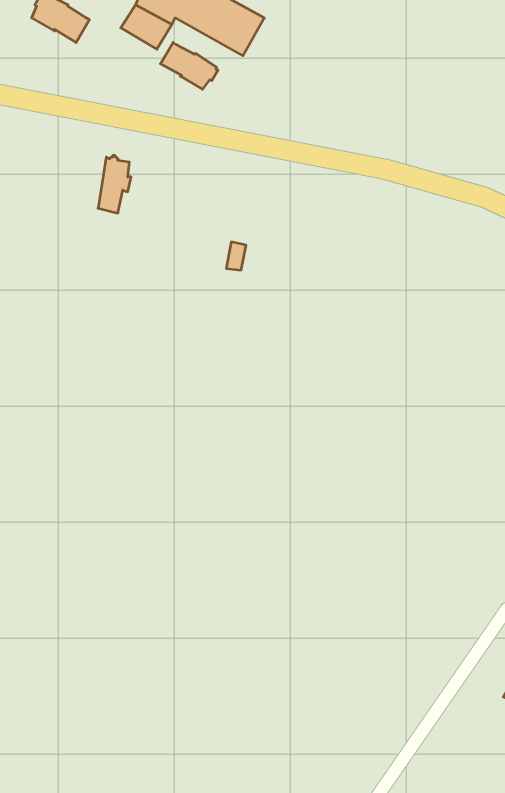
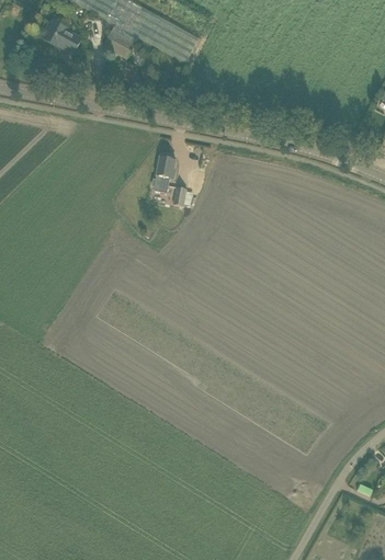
building: [160,42,218,89] -> none
building: [98,155,131,213] -> [154,155,175,193]

